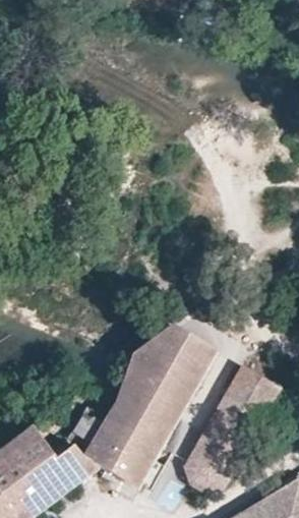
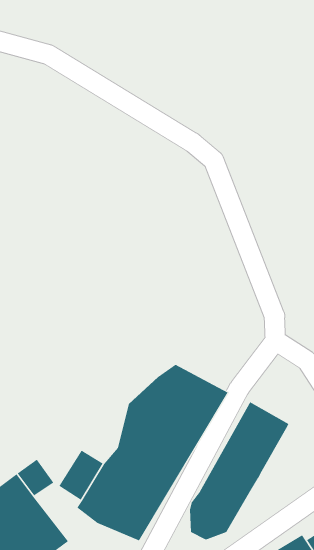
building: [54,451,98,490] -> none

